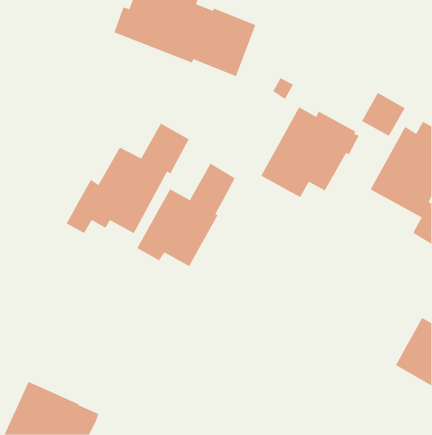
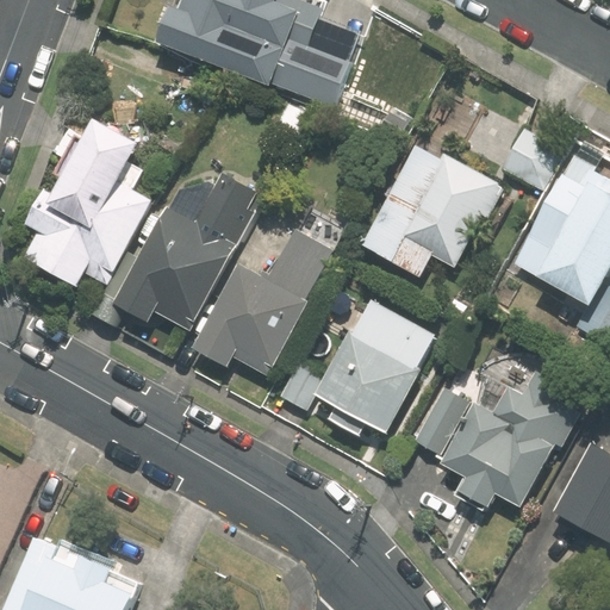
building: none -> [25,117,151,284]
building: none -> [280,300,434,436]
building: none -> [415,375,580,509]

